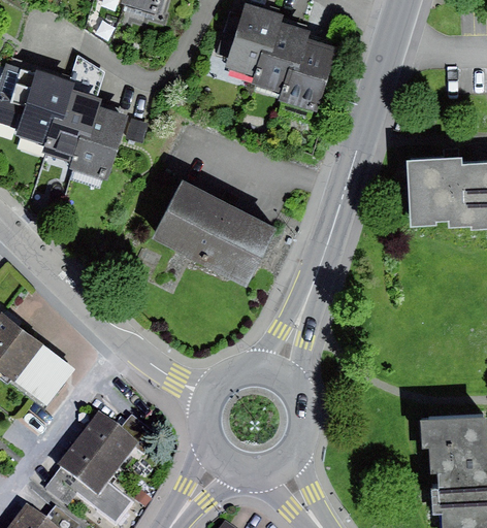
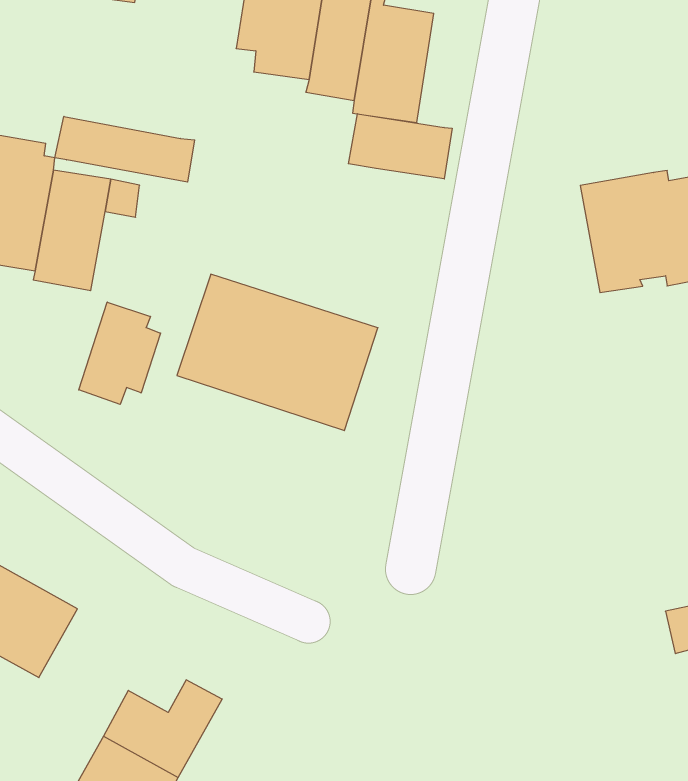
building: none -> [55,116,195,182]
building: none -> [348,114,452,179]
building: none -> [79,302,161,404]

